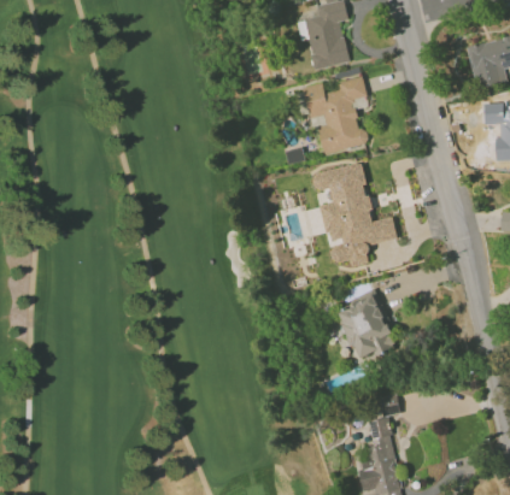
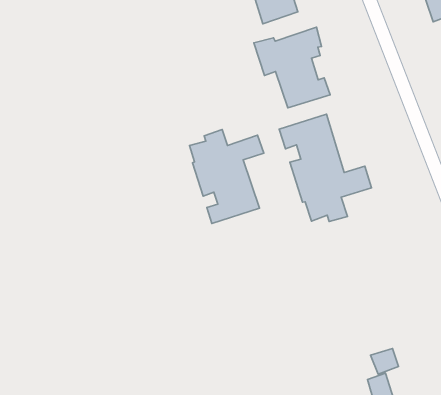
building: none -> [190,129,264,224]
building: [336,291,397,359] -> none

